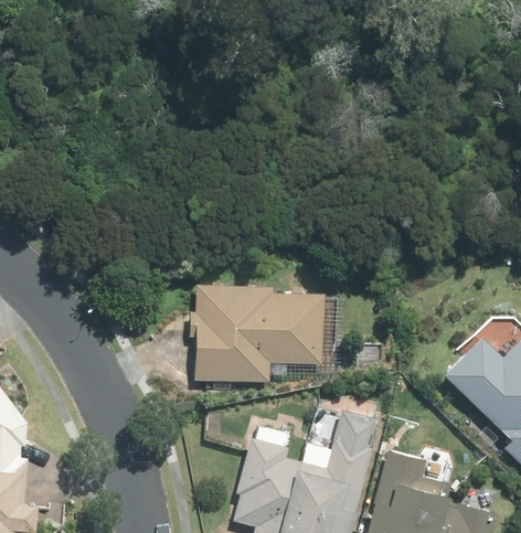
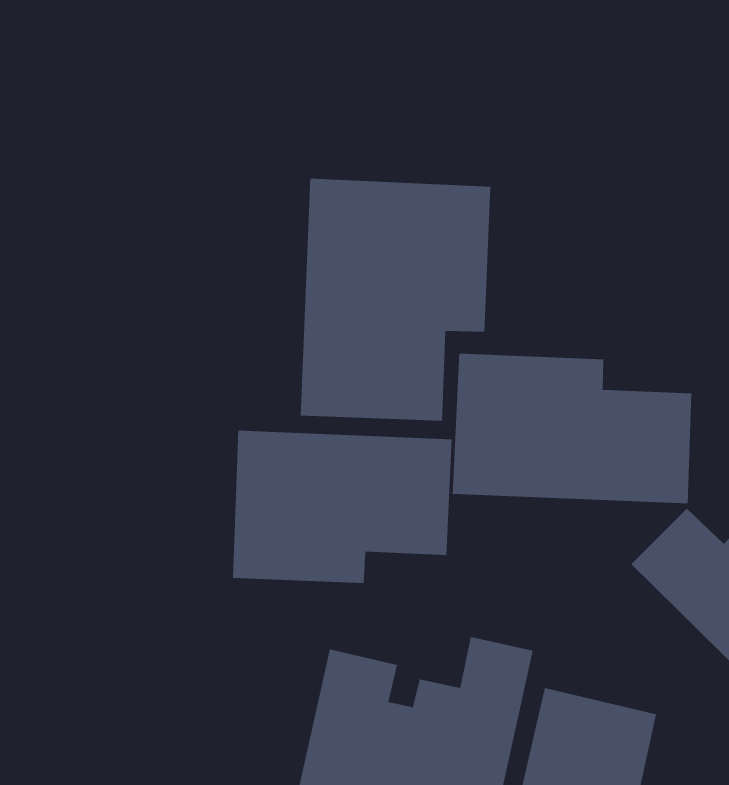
building: none -> [300,178,491,421]
building: none -> [452,353,692,504]

